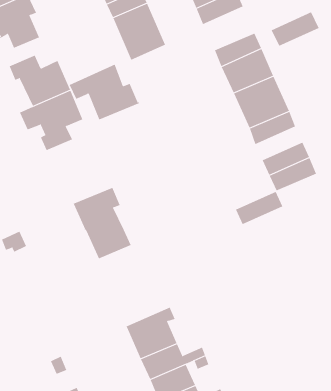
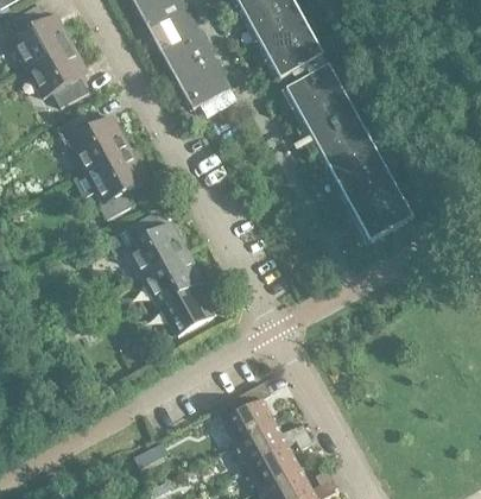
building: [271,12,320,47] -> [271,37,325,80]
building: [69,64,140,120] -> [106,211,188,277]
building: [235,191,283,225] -> [342,166,395,208]

